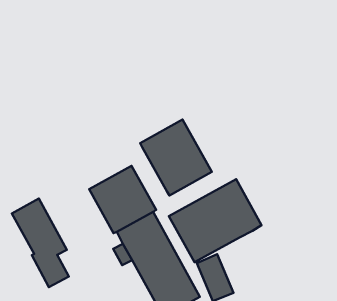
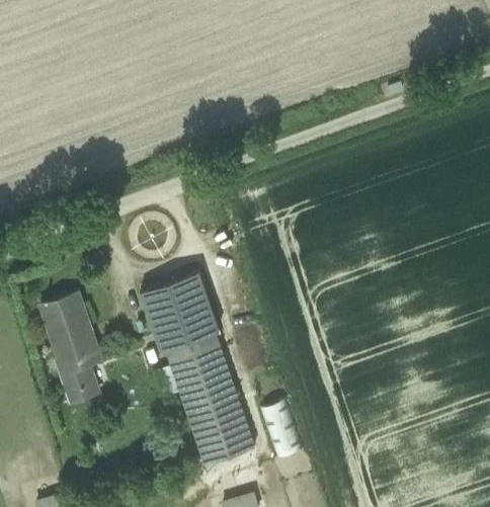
building: [140,120,212,195] -> none
building: [169,179,262,262] -> none

